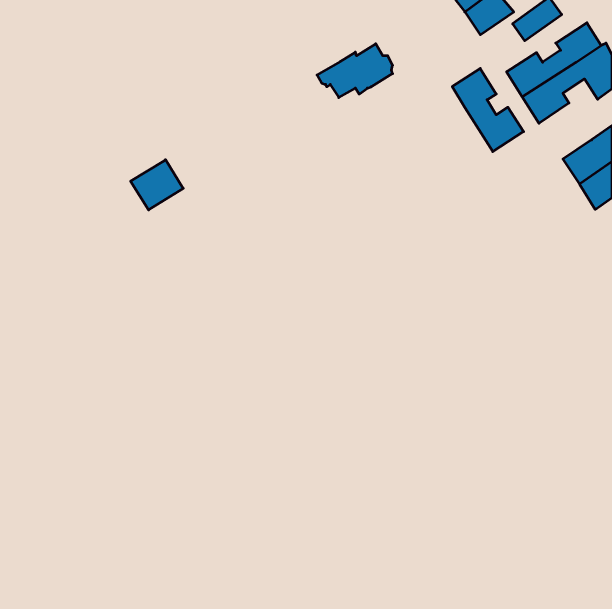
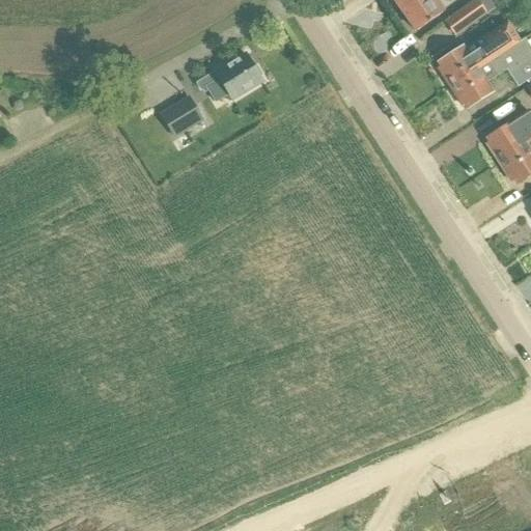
building: [317,44,393,98] -> [196,55,261,102]
building: [452,68,524,152] -> none
building: [131,160,183,210] -> [159,94,204,138]

